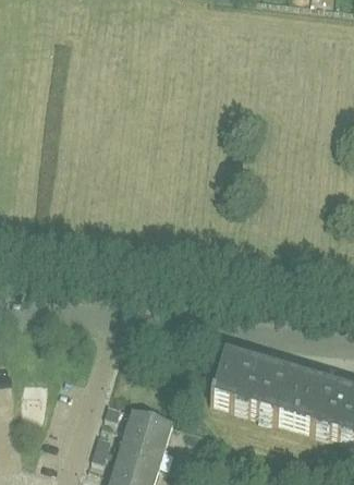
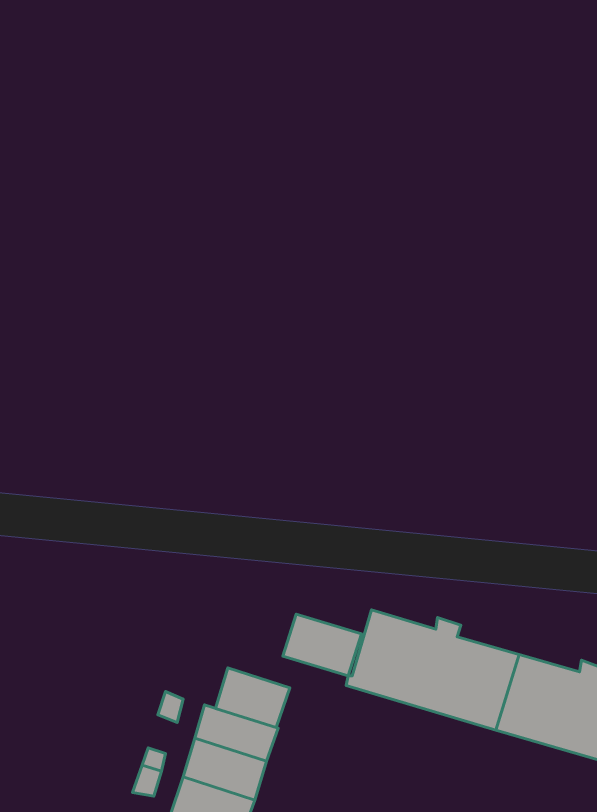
building: none -> [283,614,362,676]
building: none -> [216,668,290,727]

